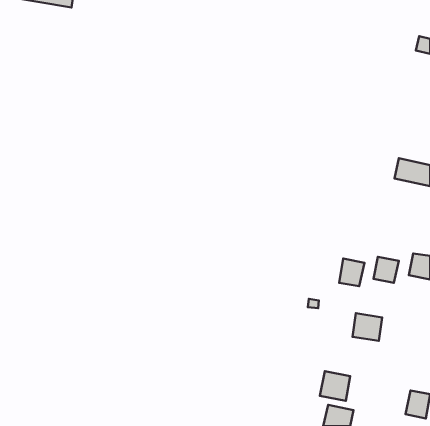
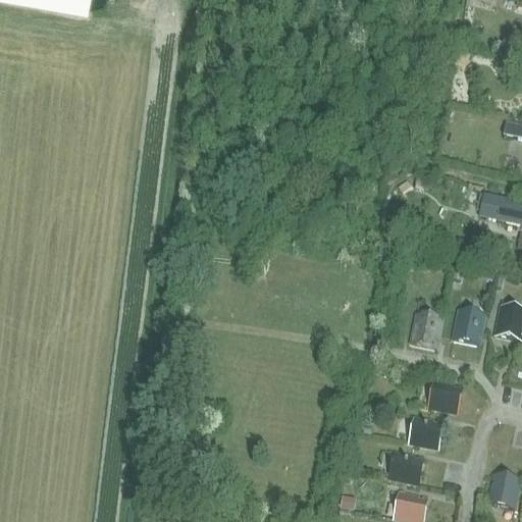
building: none -> [408,415,445,450]

